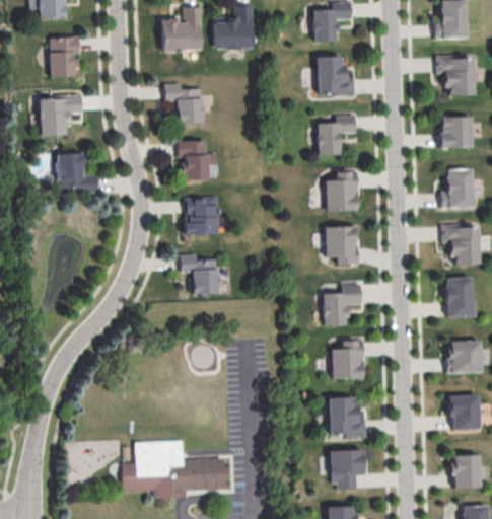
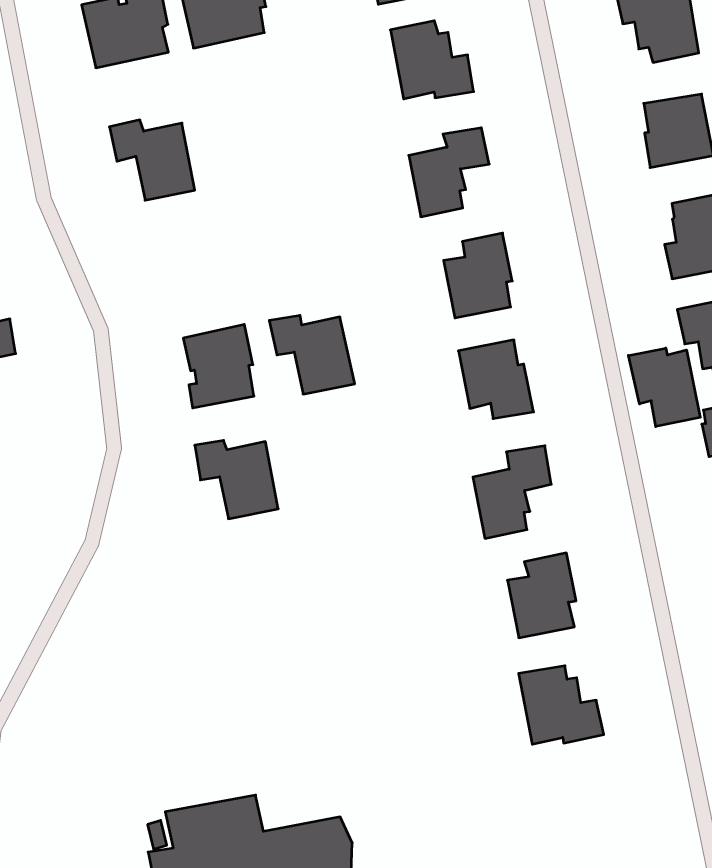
building: [172,139,211,179] -> [269,315,355,394]
building: none -> [628,348,700,427]
building: [330,449,364,489] -> none

